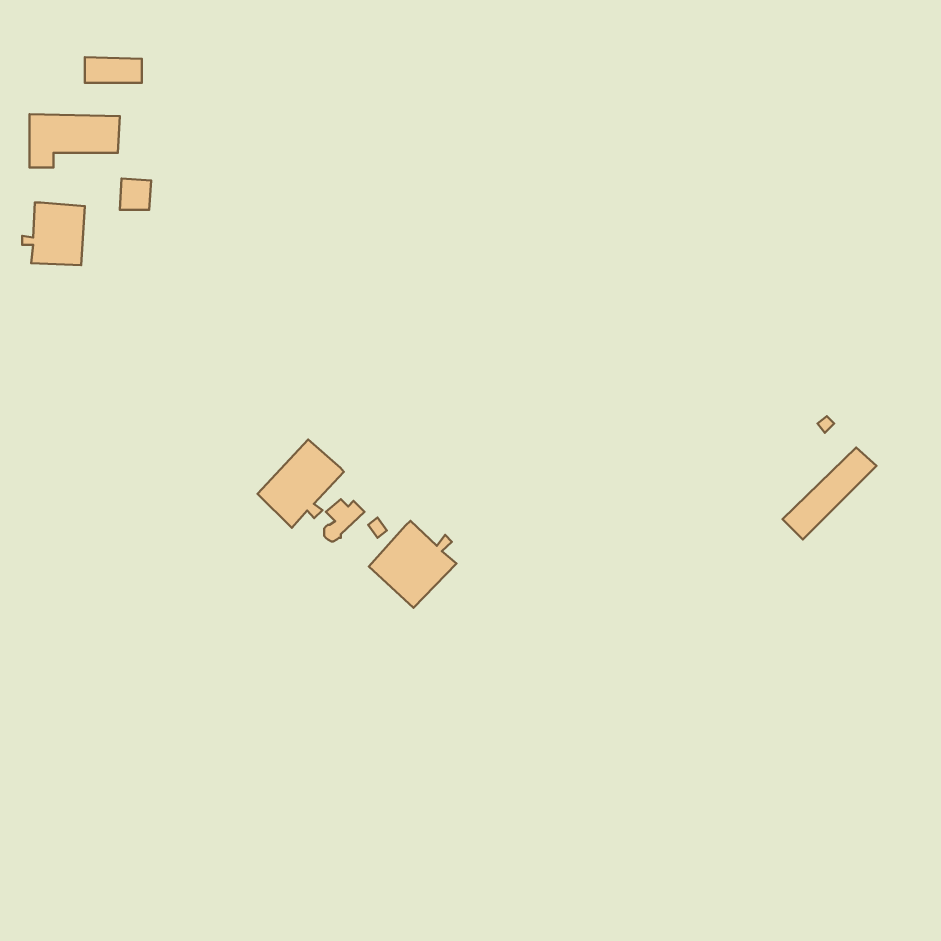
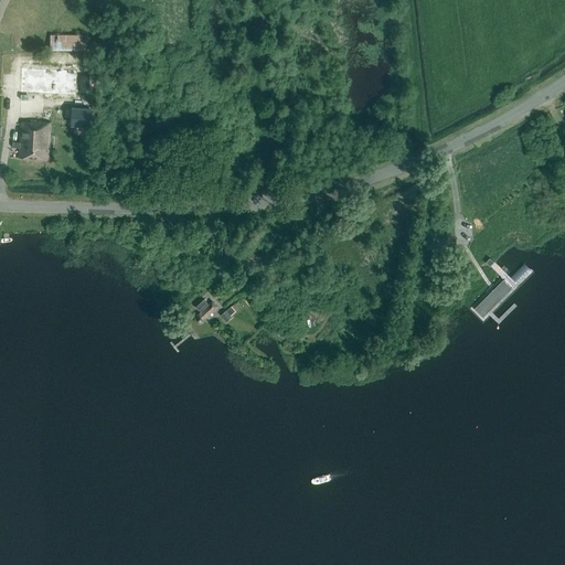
building: [257,439,344,528] -> none
building: [369,521,457,608] -> none

